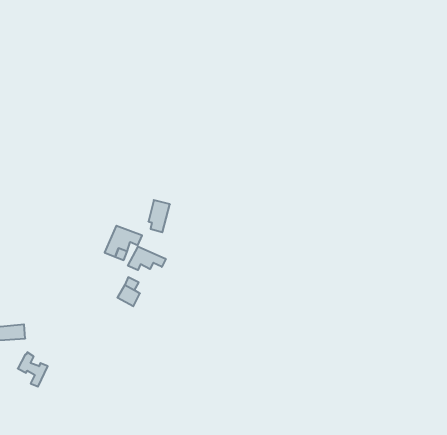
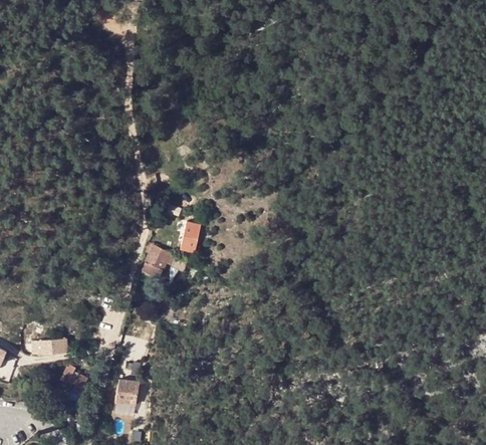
building: [128,247,166,270] -> none
building: none -> [113,379,140,414]

